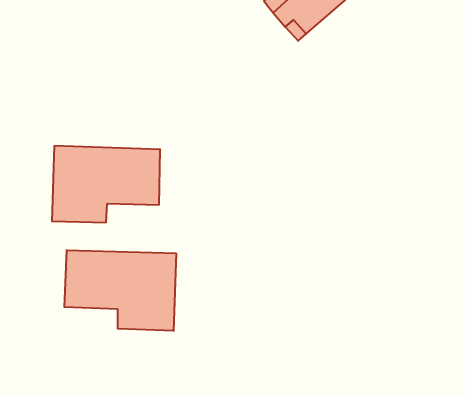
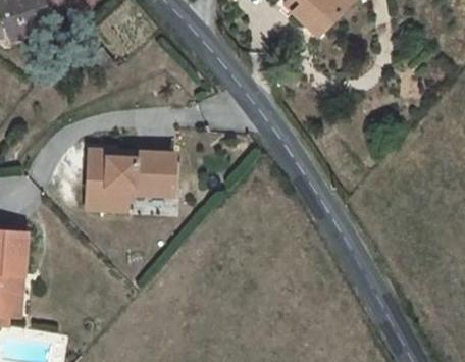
building: [64,250,176,331] -> none

